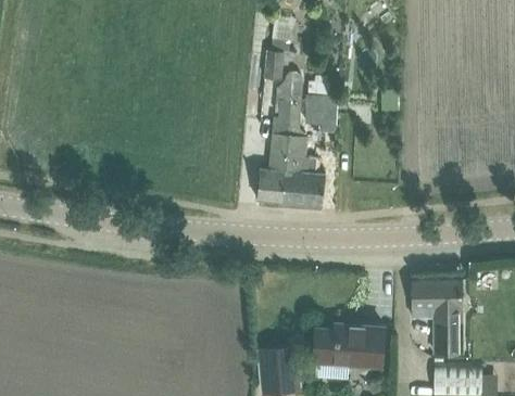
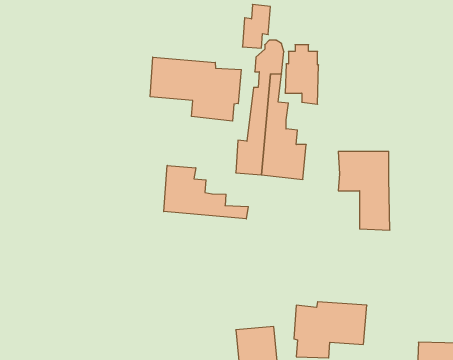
building: none -> [150,57,241,121]
building: none -> [164,165,248,219]
building: [413,280,463,356] -> [338,151,390,230]

